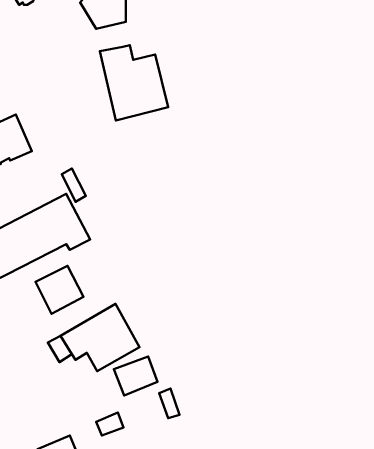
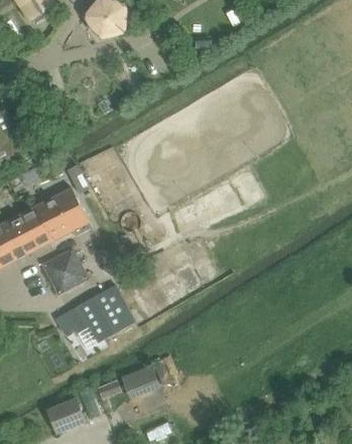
building: [100,45,168,121] -> none
building: [114,356,157,395] -> [120,364,158,399]

